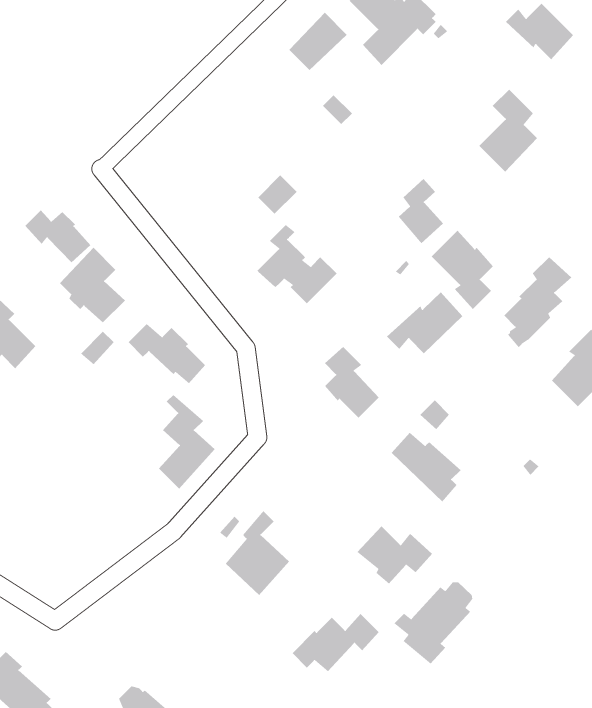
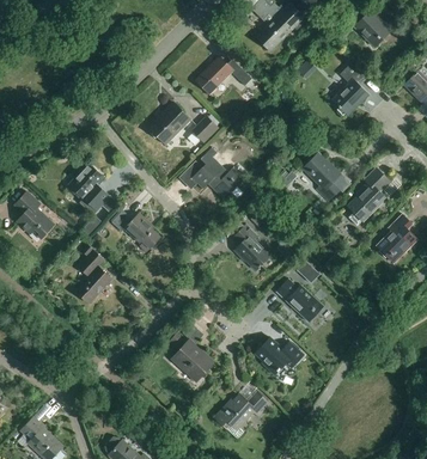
building: [288,12,348,71] -> [196,56,233,93]
building: none -> [148,102,190,143]
building: [398,178,444,244] -> none
building: [25,209,91,263] -> none
building: [386,291,463,354] -> none
building: [158,394,216,489] -> [75,244,111,304]
building: [394,582,473,664] -> none

